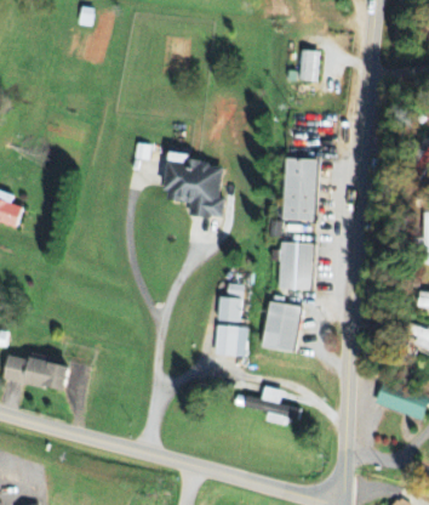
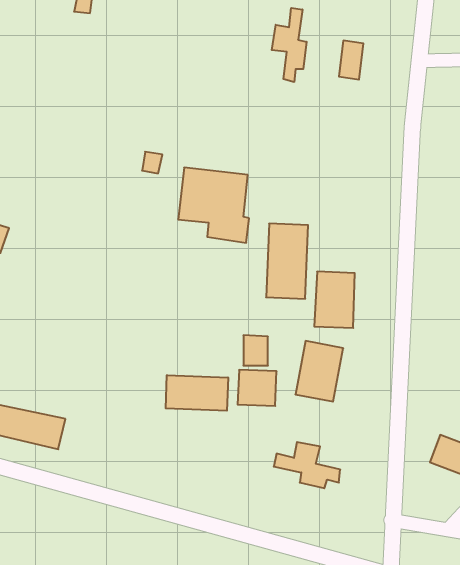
building: none -> [272,8,307,82]
building: [282,158,318,221] -> [266,224,308,299]
building: none -> [166,375,228,411]

